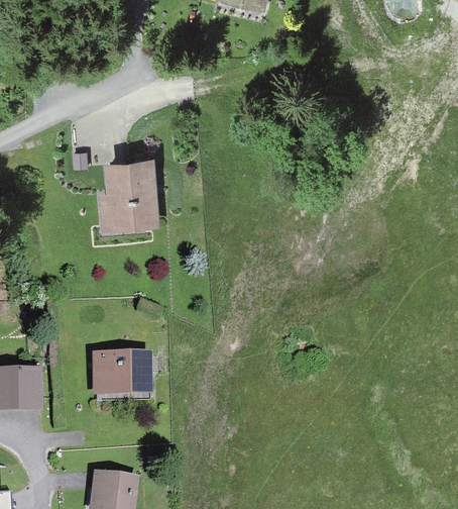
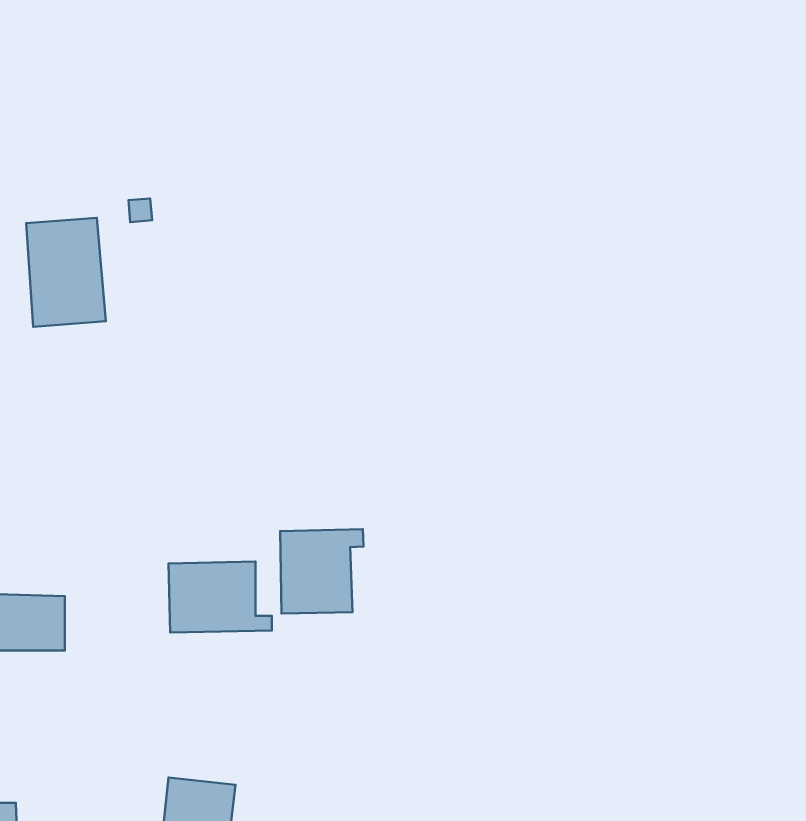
building: [110,158,154,218] -> [26,218,106,327]
building: none -> [280,529,364,614]

